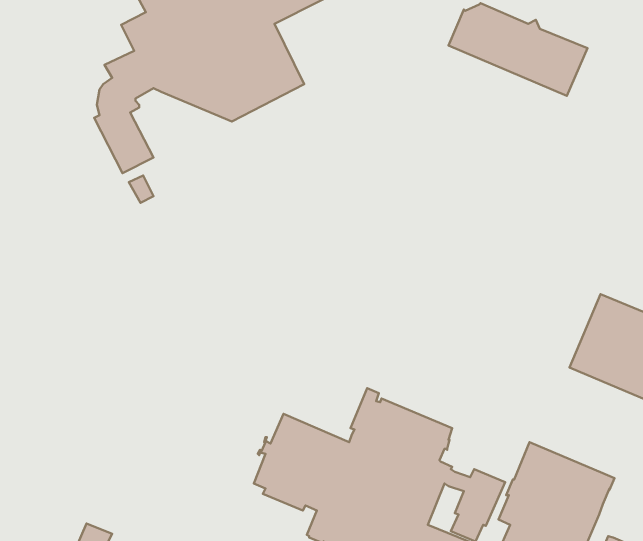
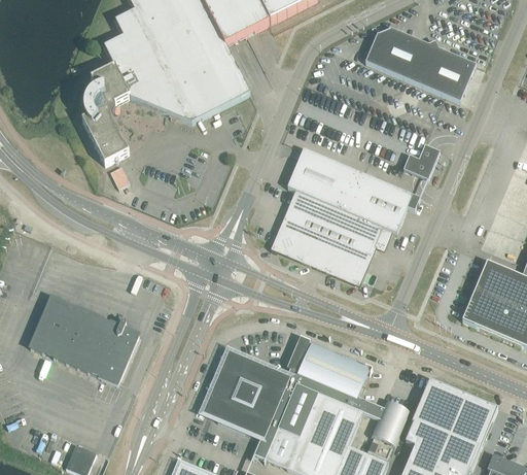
building: none -> [402,143,440,178]
building: none -> [274,148,419,281]
building: none -> [30,296,138,383]

